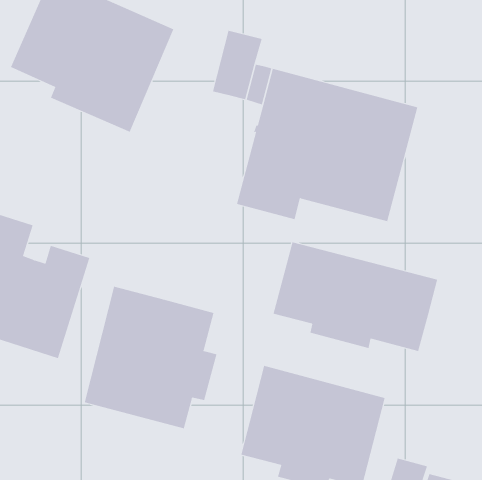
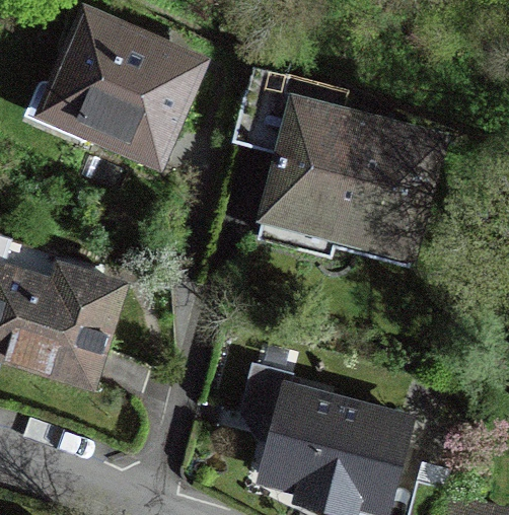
building: [273,242,438,352] -> none
building: [84,286,217,429] -> none

